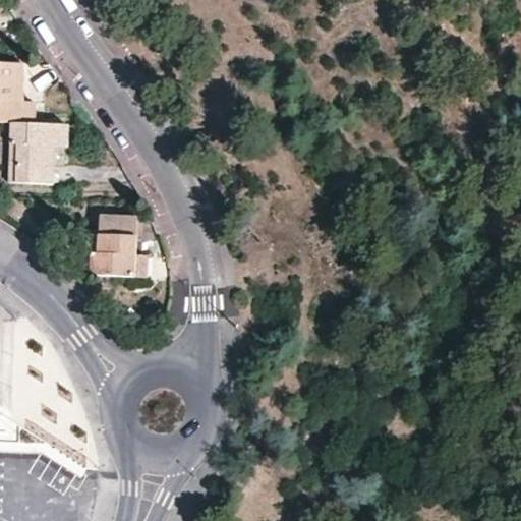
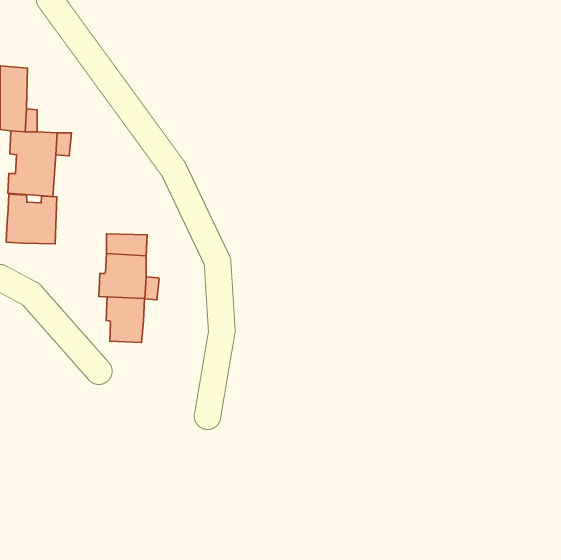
building: none -> [6,194,57,244]
building: none -> [106,297,144,343]

